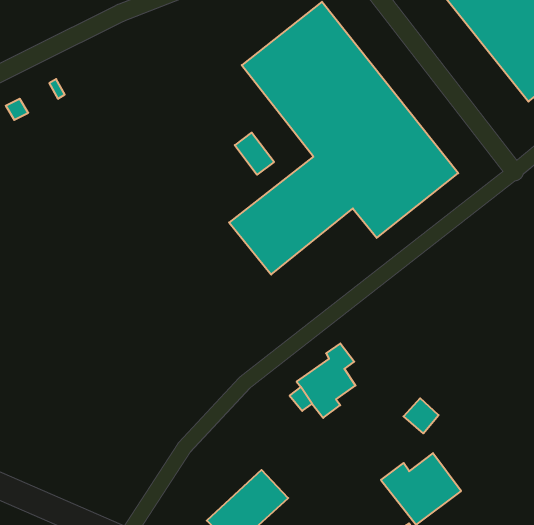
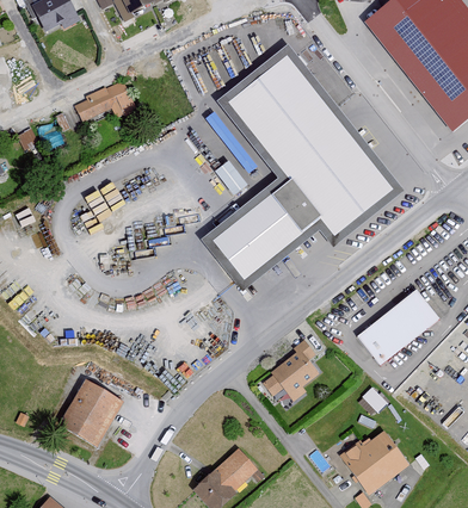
building: none -> [74,79,137,122]
building: none -> [356,289,438,365]
building: none -> [54,376,121,446]

